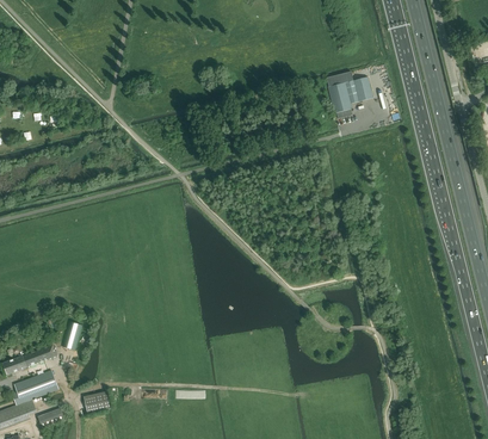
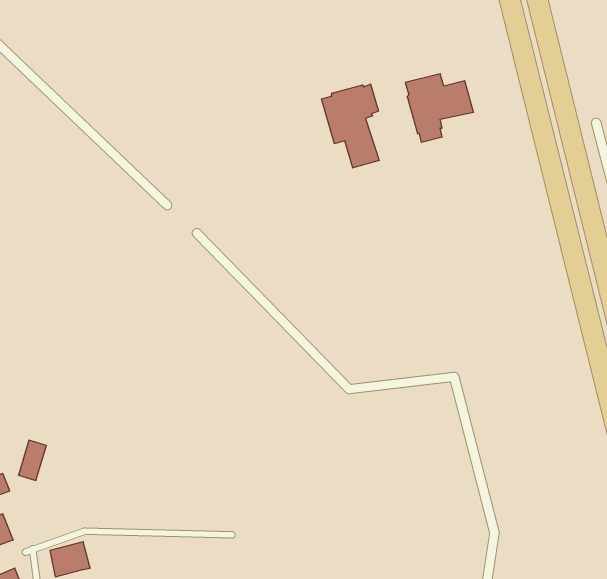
building: none -> [321,84,379,168]

